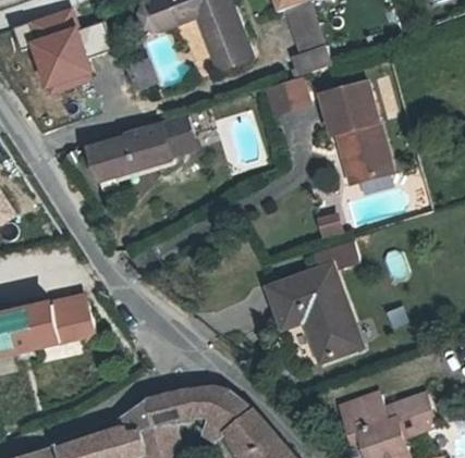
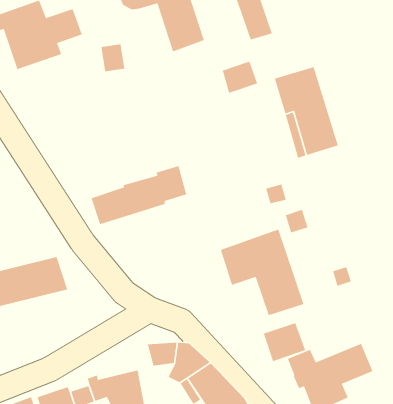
building: [83,116,189,183] -> [91,165,187,225]
building: none -> [263,322,306,362]
building: [126,391,191,430] -> none

